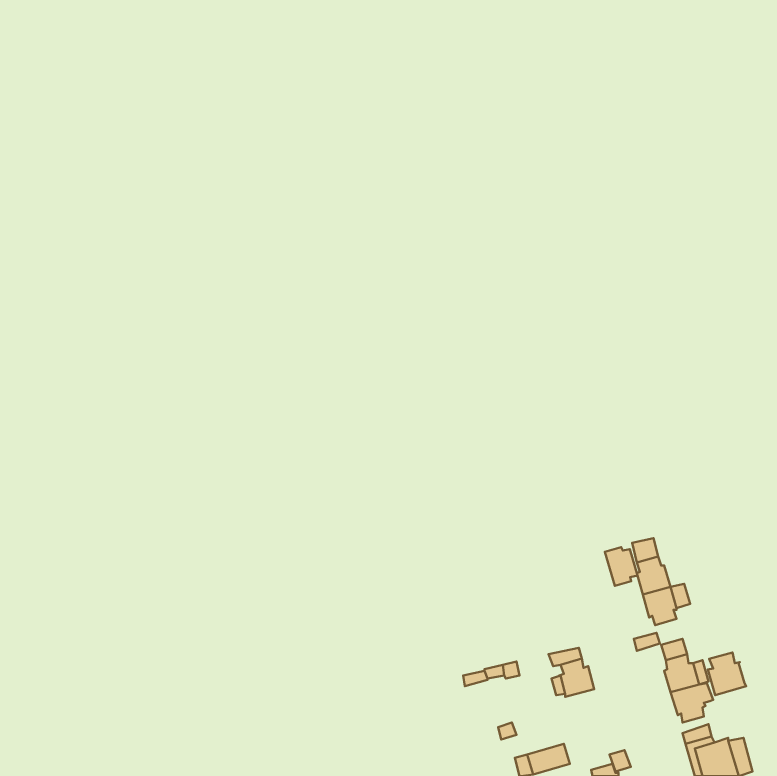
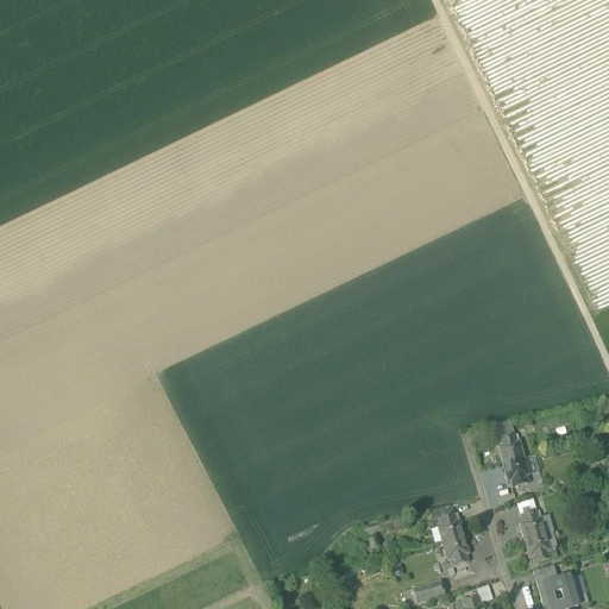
building: [605,547,638,586] -> none
building: [708,653,746,695] -> none
building: none -> [442,538,470,567]

